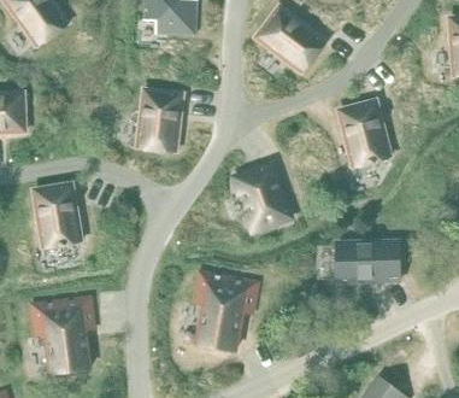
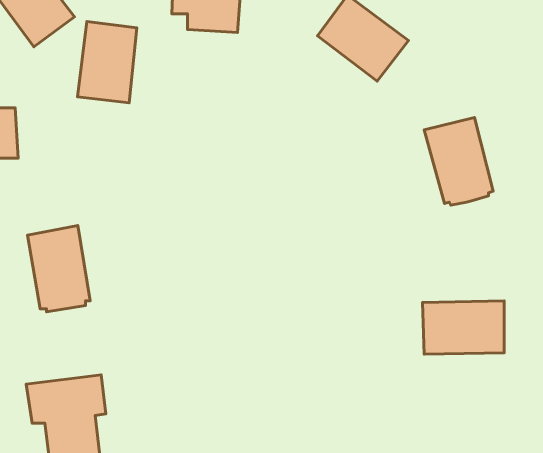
building: [136,88,182,151] -> [77,21,137,103]
building: [234,164,289,229] -> none
building: [194,271,257,350] -> none

